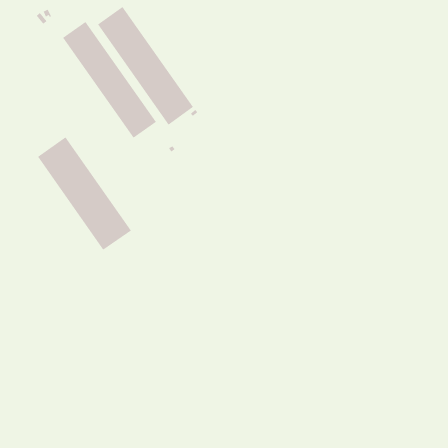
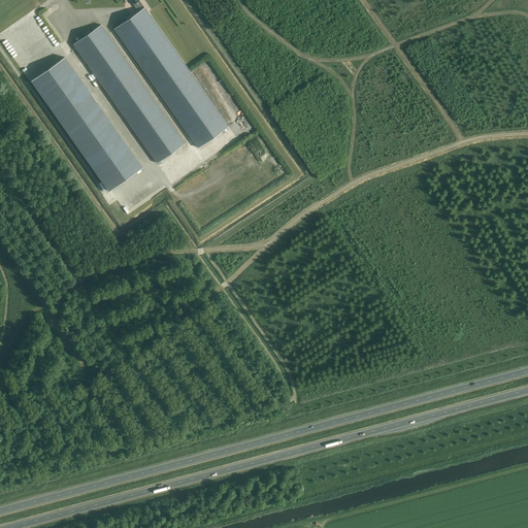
building: [37,137,132,251] -> [31,57,142,191]

